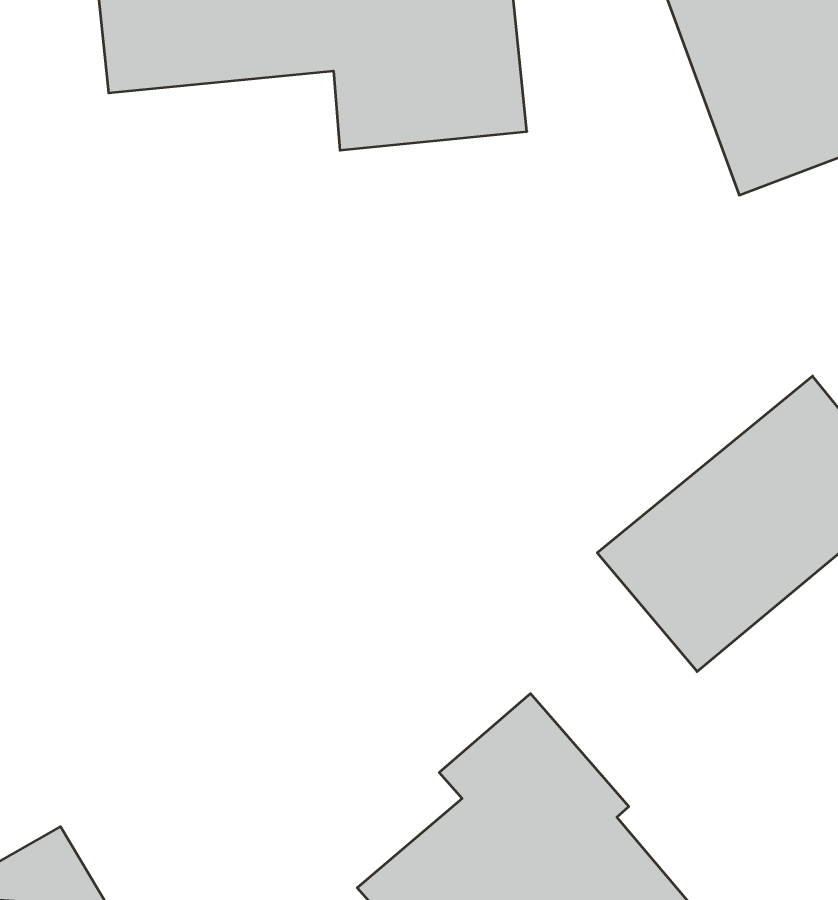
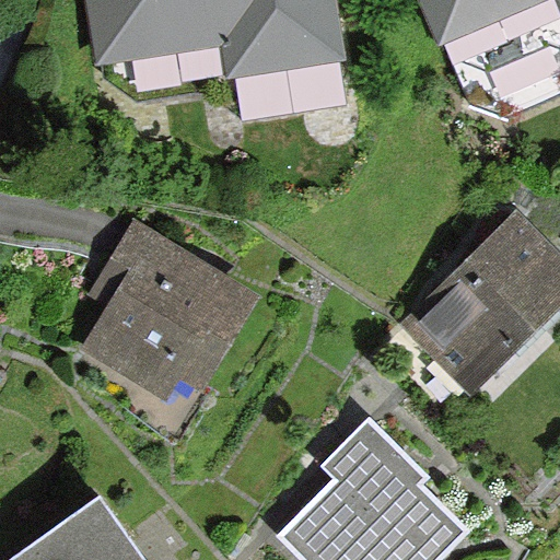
building: none -> [66,226,259,404]

